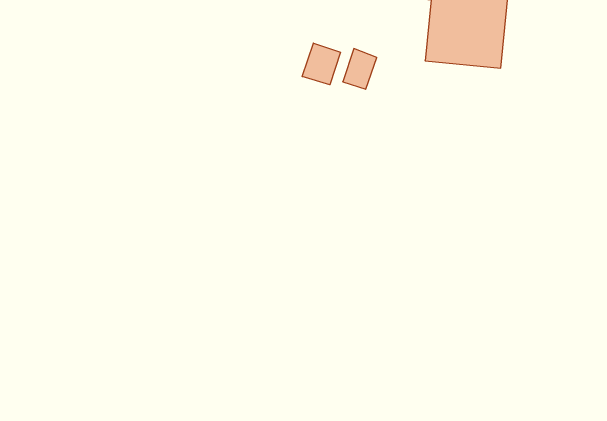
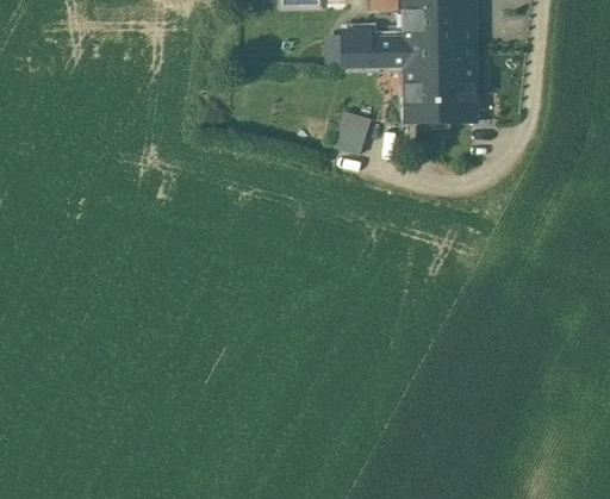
building: [302,43,340,85] -> none

